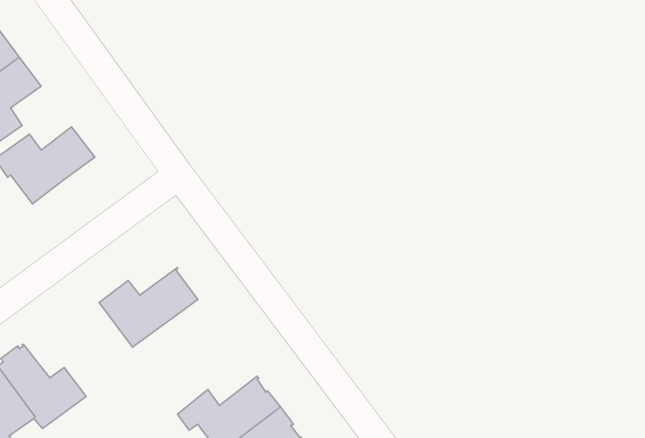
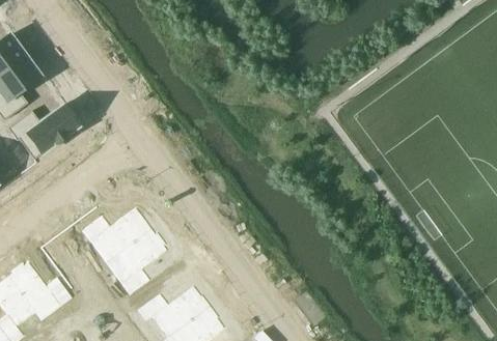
building: none -> [105,229,169,295]

